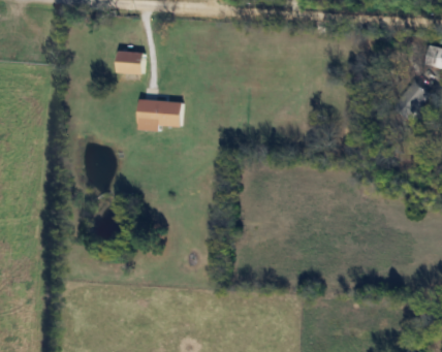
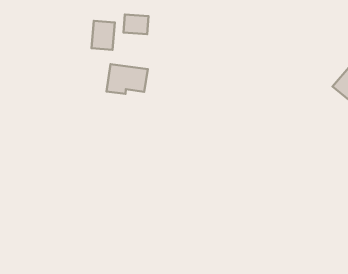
building: none -> [123,14,149,34]

